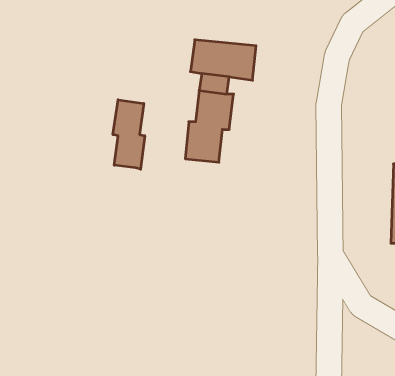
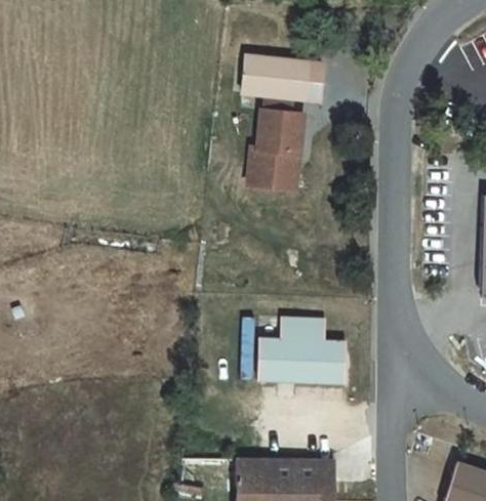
building: [113,100,145,169] -> none
building: none -> [260,316,339,385]

